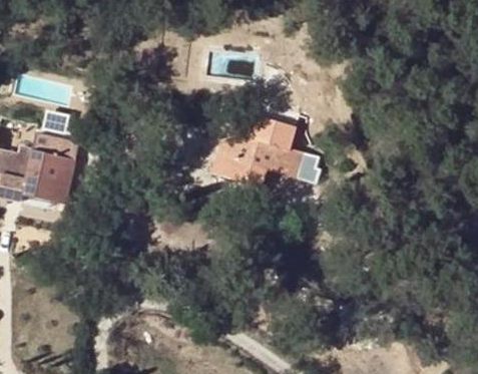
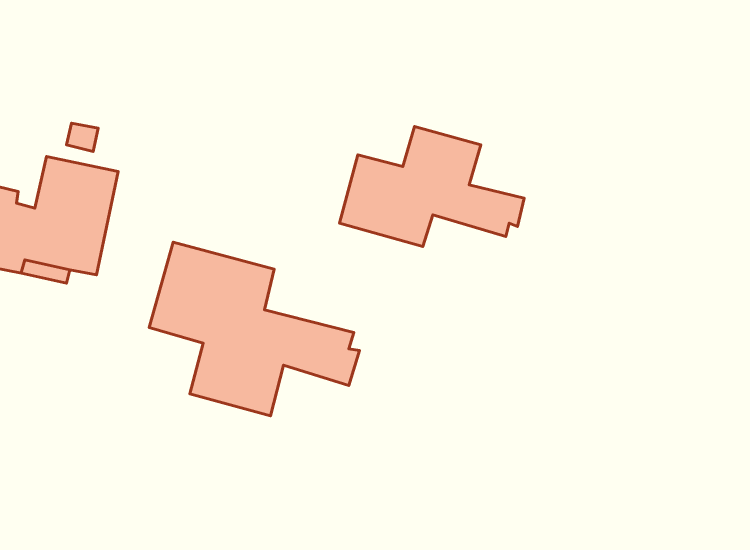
building: none -> [149,242,360,416]

